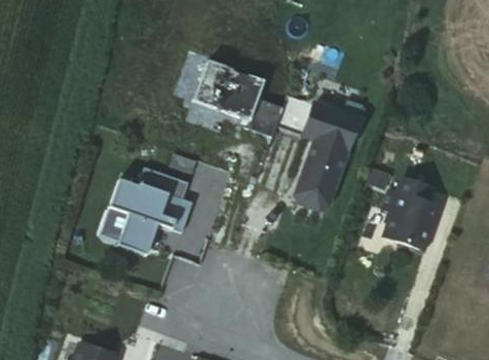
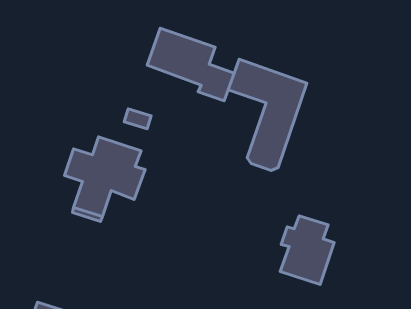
building: [383,177,439,248] -> [280,216,334,284]

